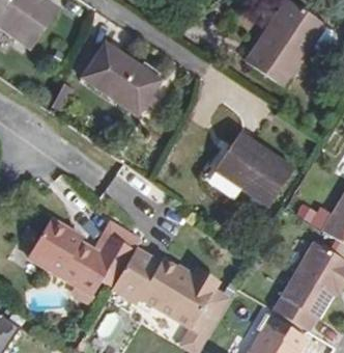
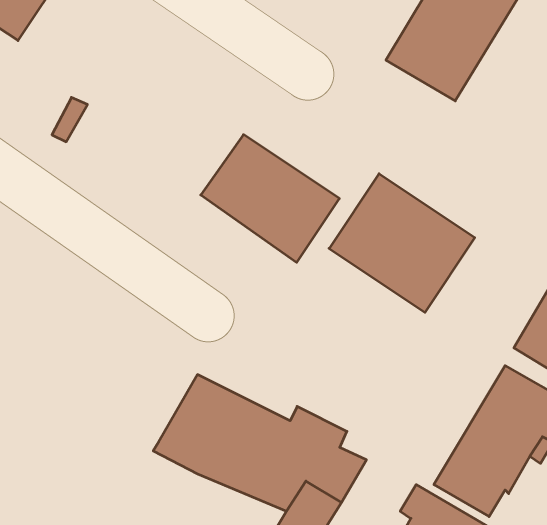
building: [81,39,162,114] -> [201,135,339,262]
building: [27,217,141,304] -> none

